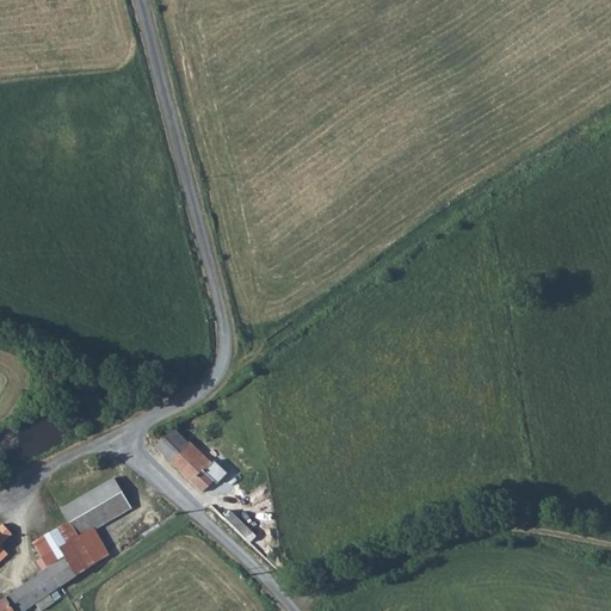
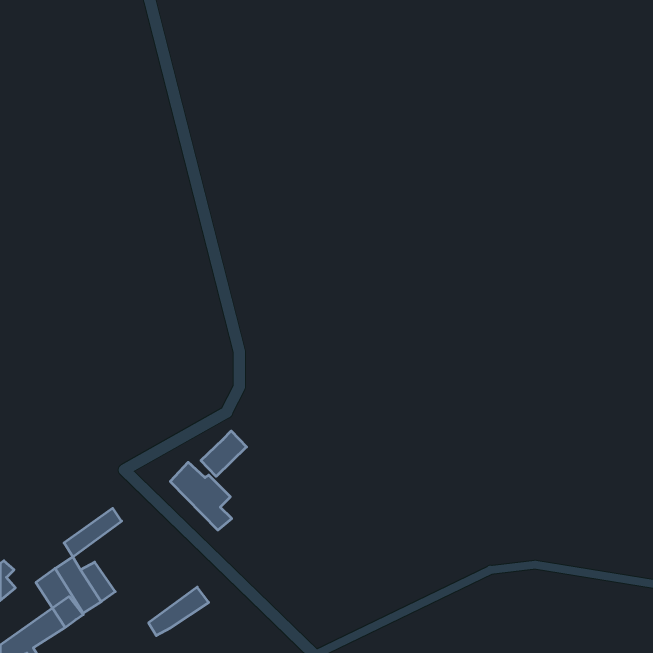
building: none -> [201,431,247,476]
building: [69,487,125,532] -> [149,587,209,636]

